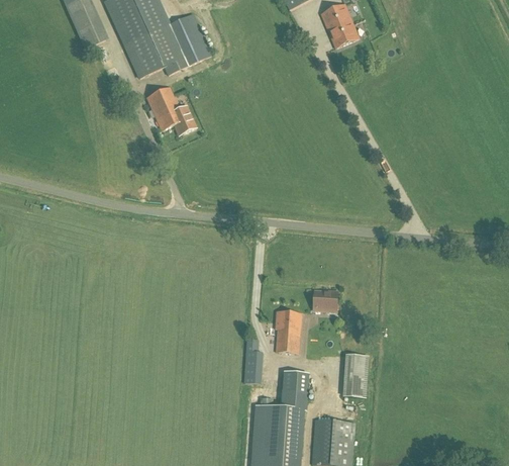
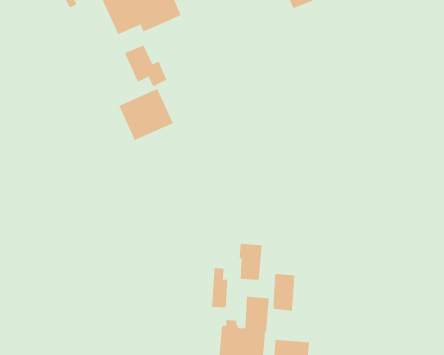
building: none -> [118,88,173,141]
building: [313,291,337,311] -> none
building: [343,355,369,397] -> [273,273,295,311]

